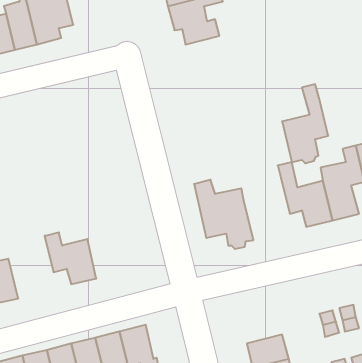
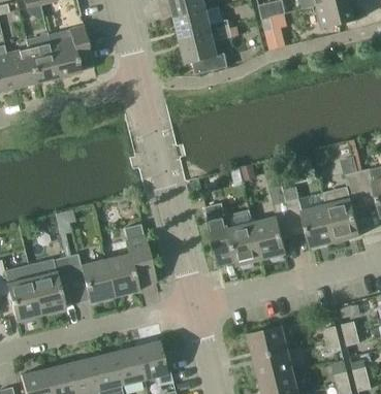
building: [282,84,328,163] -> [251,187,294,261]
building: none -> [104,225,147,296]
building: none -> [30,256,72,315]
building: none -> [248,325,287,357]

